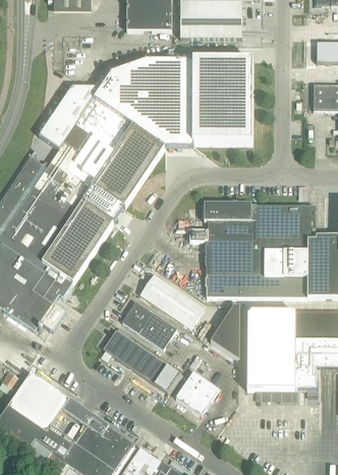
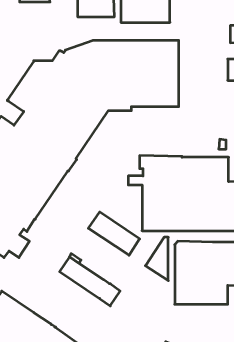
building: [120,300,175,348] -> none
building: [174,370,218,414] -> none

